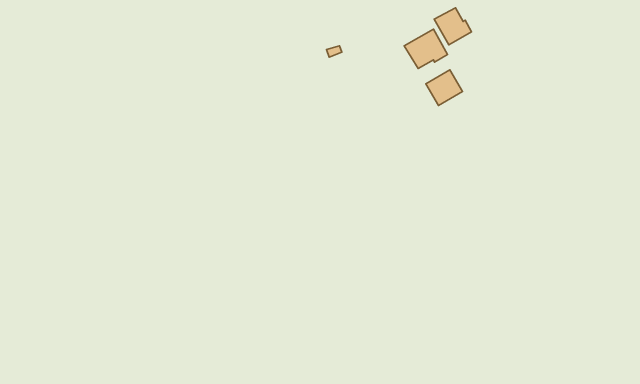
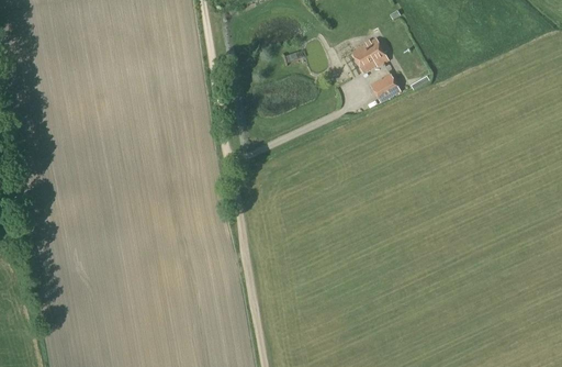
building: [434,8,471,45] -> none

